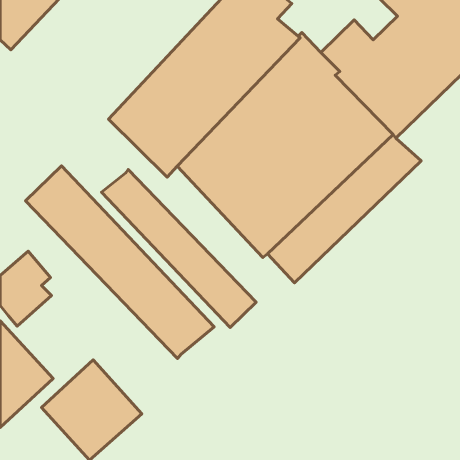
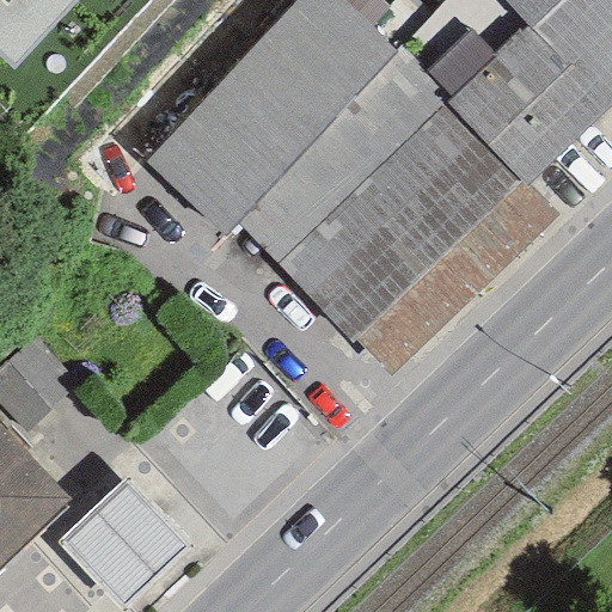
building: [26,166,214,358] -> none
building: [101,169,256,328] -> none

